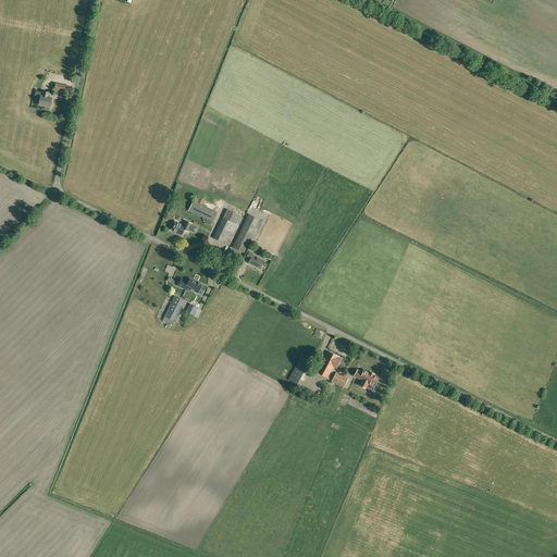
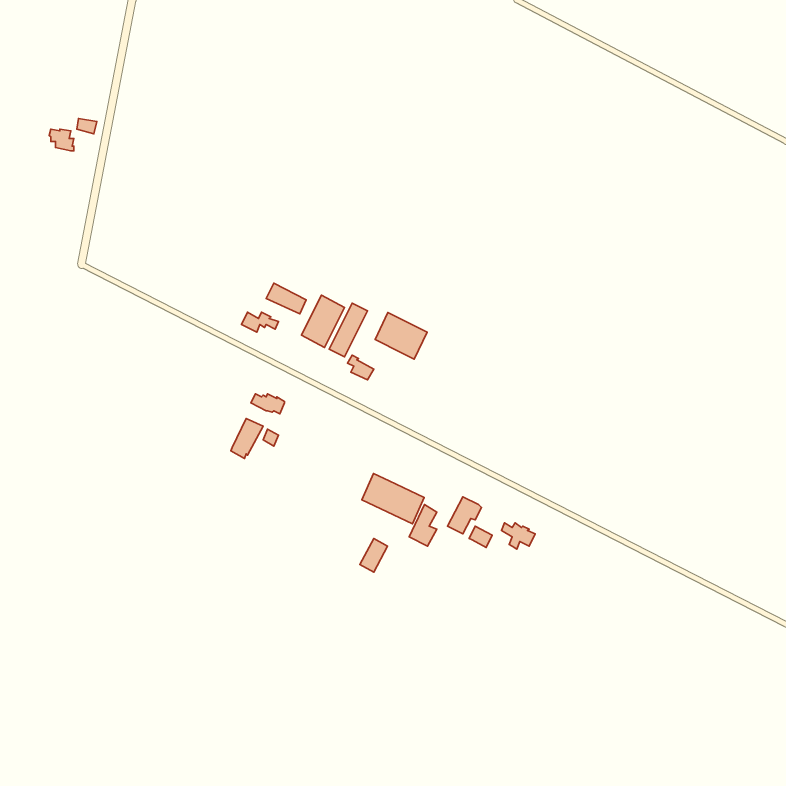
building: none -> [375,312,427,359]
building: none -> [362,474,424,524]

